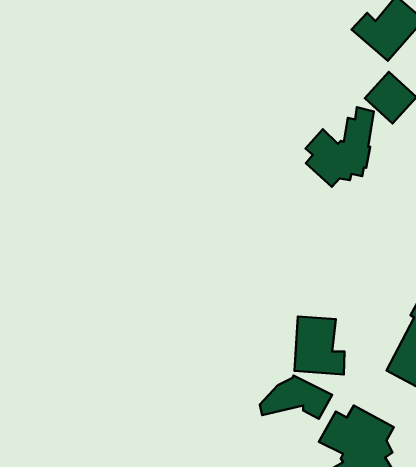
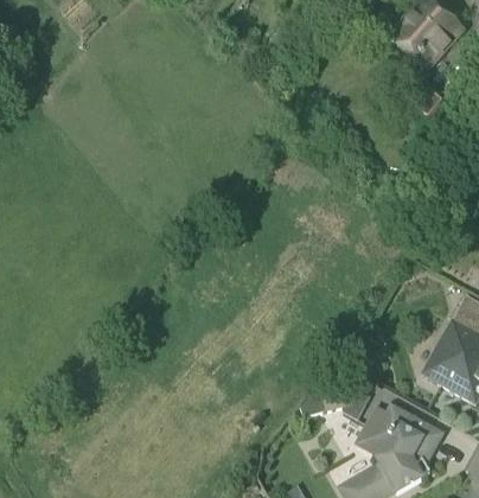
building: [305,107,374,187] -> none
building: [294,317,345,374] -> none

